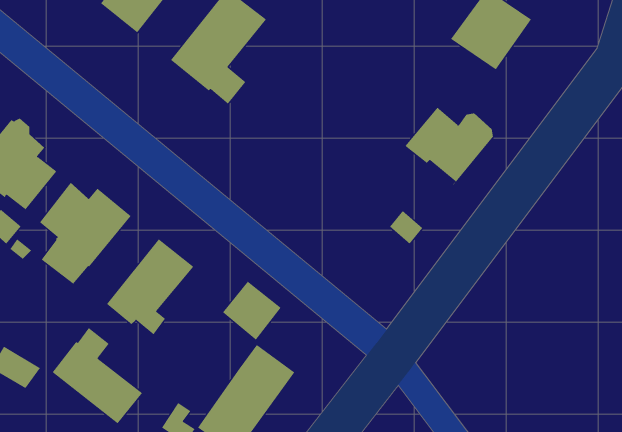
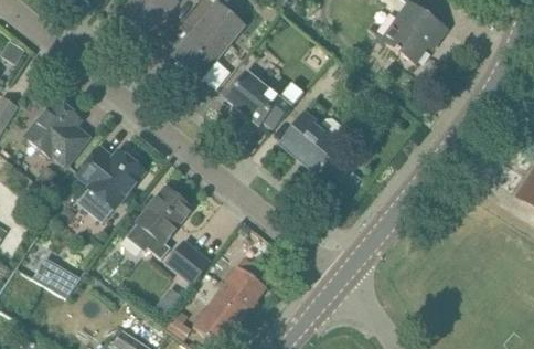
building: none -> [225,72,302,127]
building: [405,107,494,186] -> [280,113,346,171]
building: [222,281,282,340] -> [165,241,210,285]
building: [52,327,143,424] -> none

